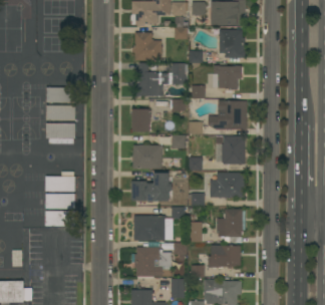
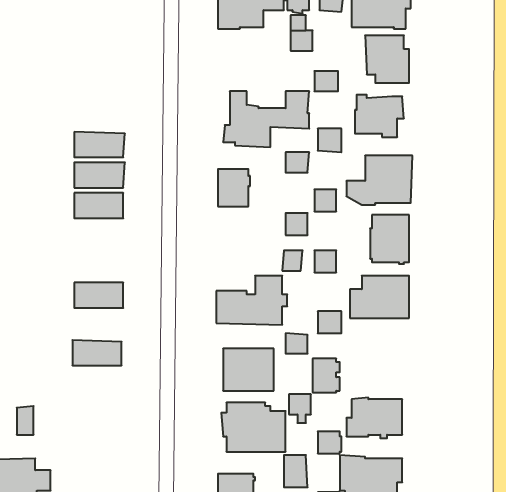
building: [132,32,162,60] -> none
building: [132,144,164,170] -> none
building: [45,194,75,209] -> none
building: [217,209,245,243] -> none

